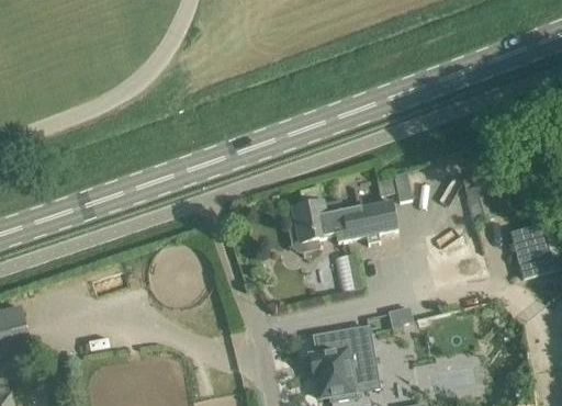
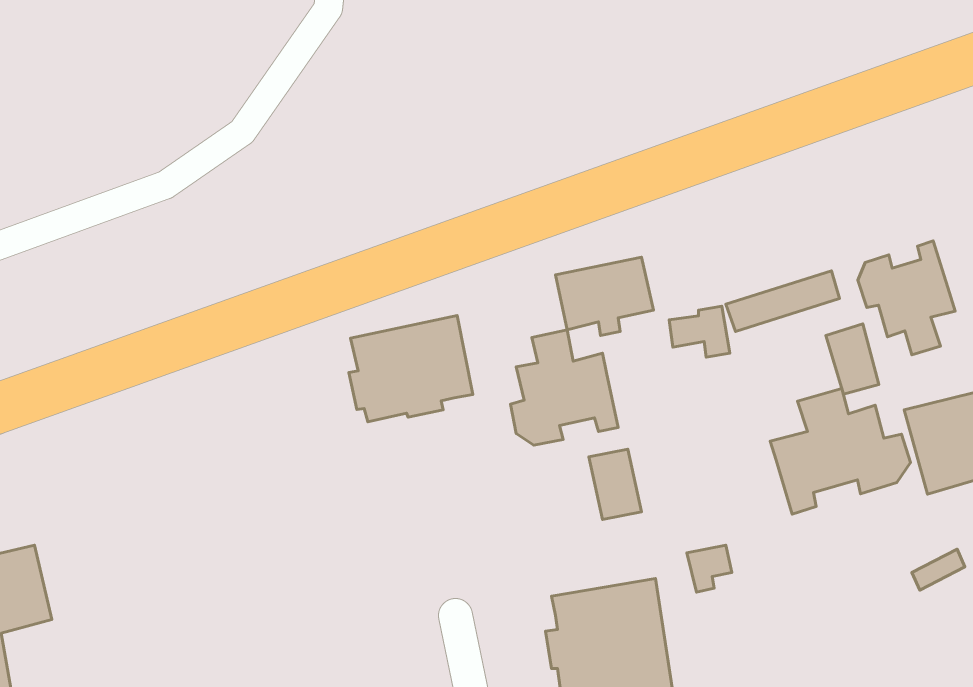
building: none -> [858,241,955,355]
building: none -> [349,315,473,422]
building: [341,200,396,244] -> [555,257,653,336]
building: none -> [770,389,910,514]

